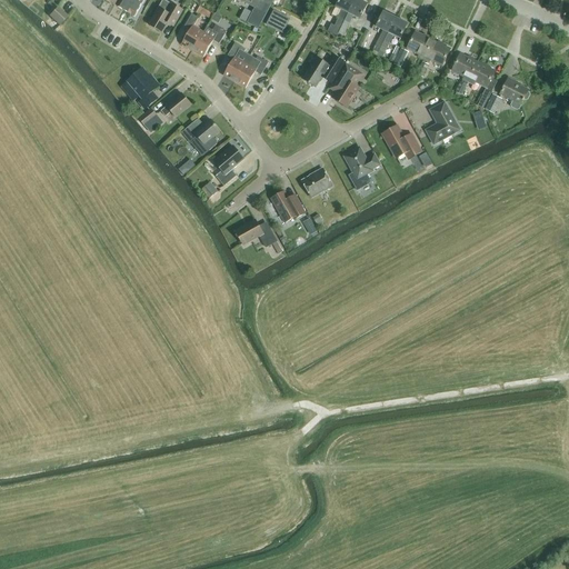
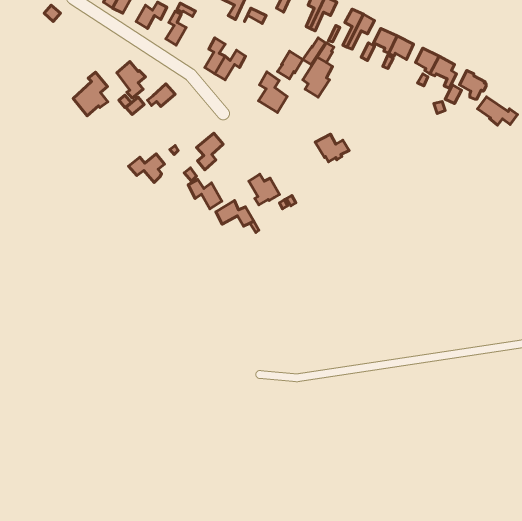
building: [191,23,226,56] -> none
building: none -> [258,72,287,112]
building: none -> [73,72,108,116]
building: [426,101,458,142] -> none
building: none -> [478,97,517,125]
building: [180,118,219,149] -> [129,154,164,183]
building: [383,127,420,157] -> none
building: [301,167,331,196] -> none
building: none -> [188,179,222,209]

